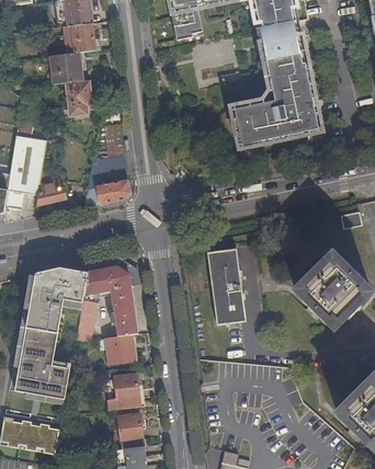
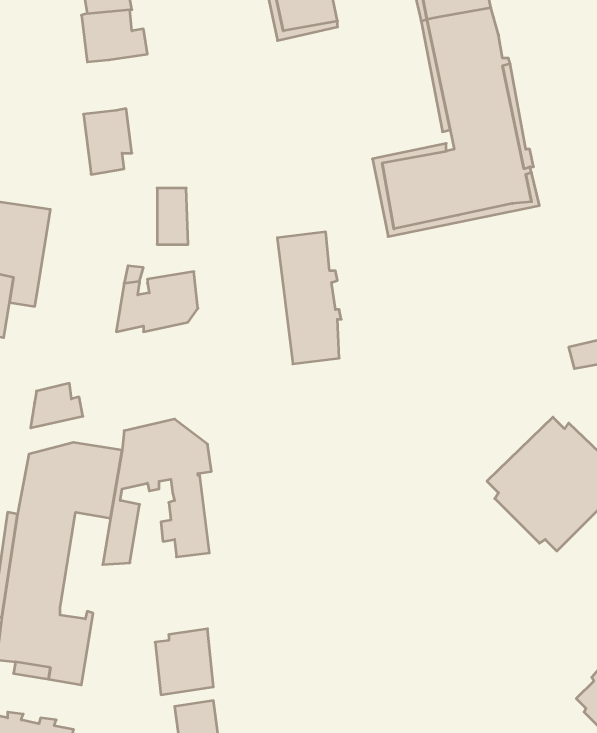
building: [49,52,83,83] -> none
building: [35,180,65,205] -> [31,383,83,428]
building: [206,245,242,320] -> [277,232,341,364]
building: [98,334,133,364] -> none

